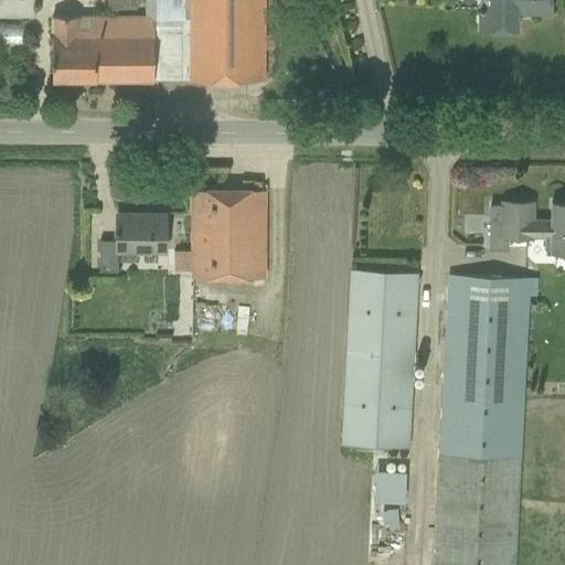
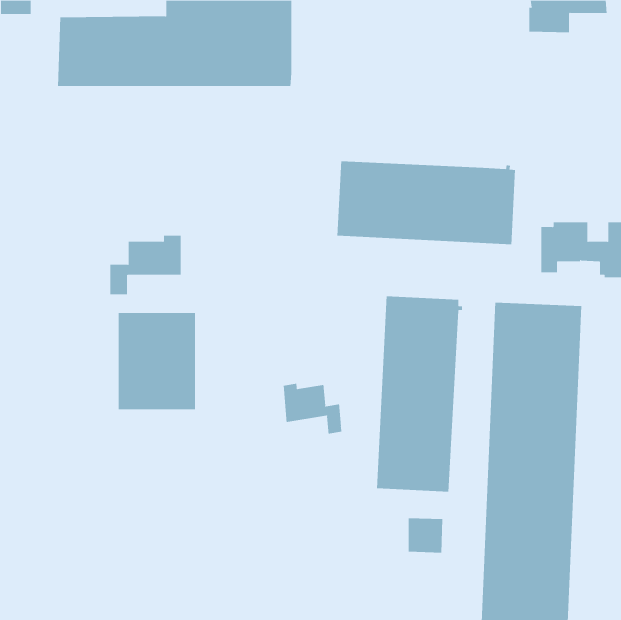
building: none -> [337,161,516,245]
building: [193,191,264,279] -> [118,312,196,410]
building: none -> [283,383,342,434]

